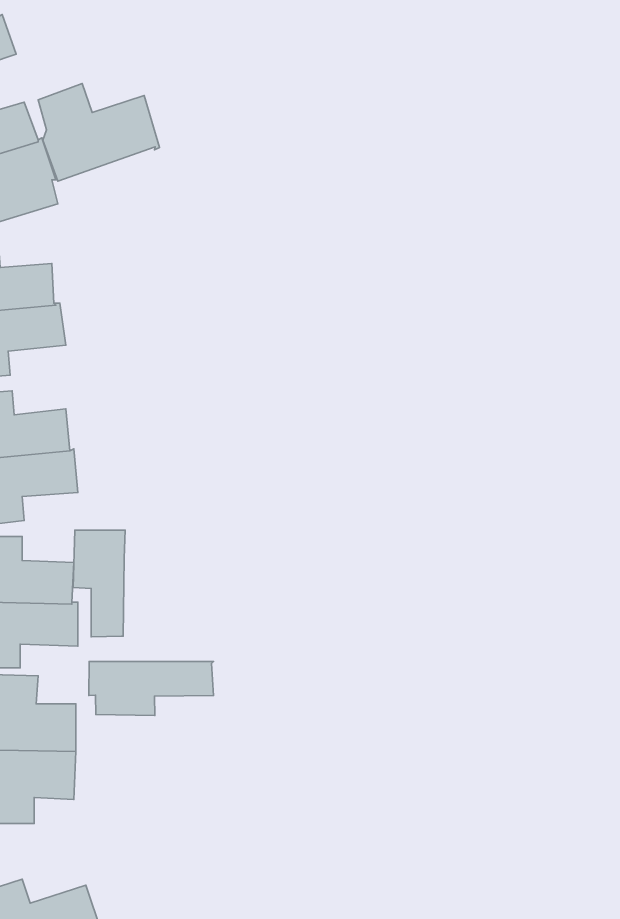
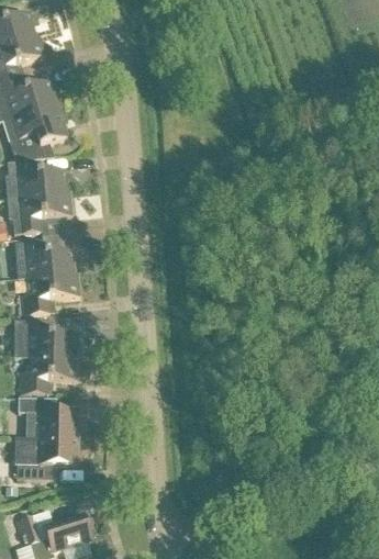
building: [38,84,159,181] -> none
building: [73,530,125,637] -> none
building: [89,662,214,715] -> none

